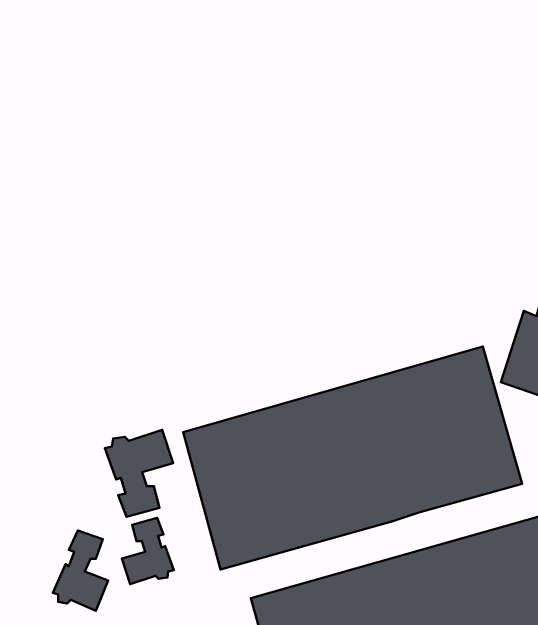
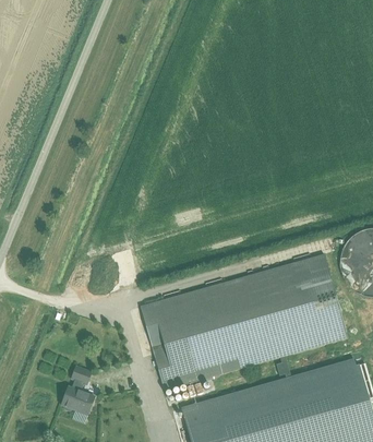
building: [105,430,173,517] -> none
building: [122,518,174,584] -> none

